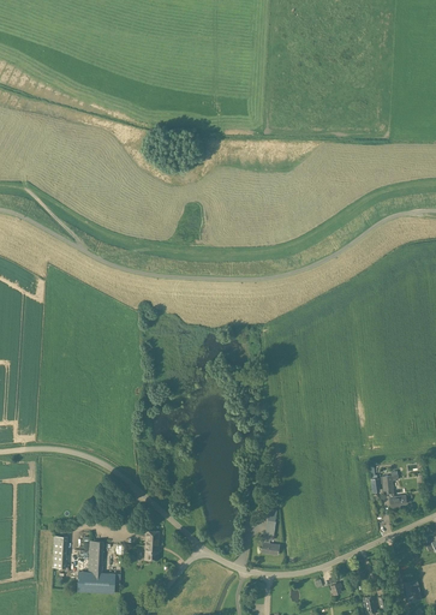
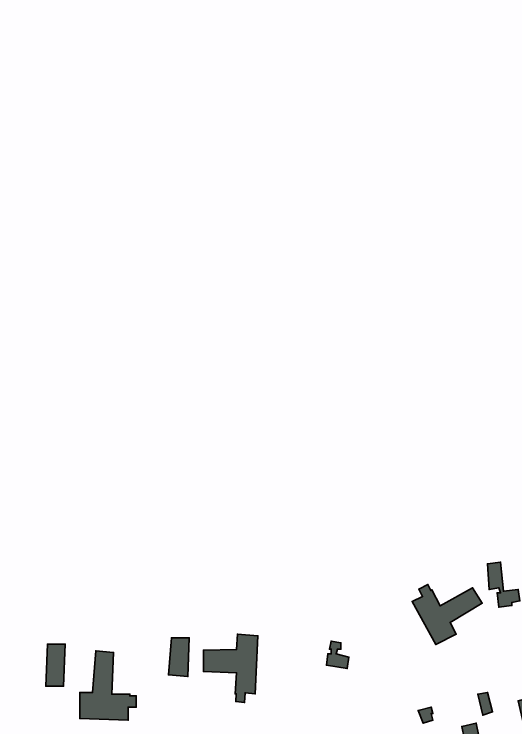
building: none -> [412,585,482,644]
building: none -> [203,634,258,702]

